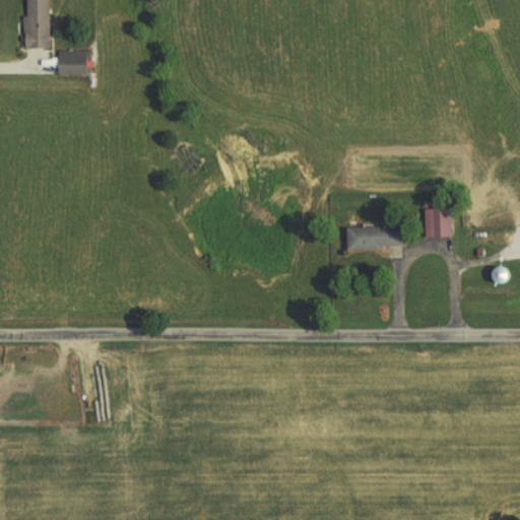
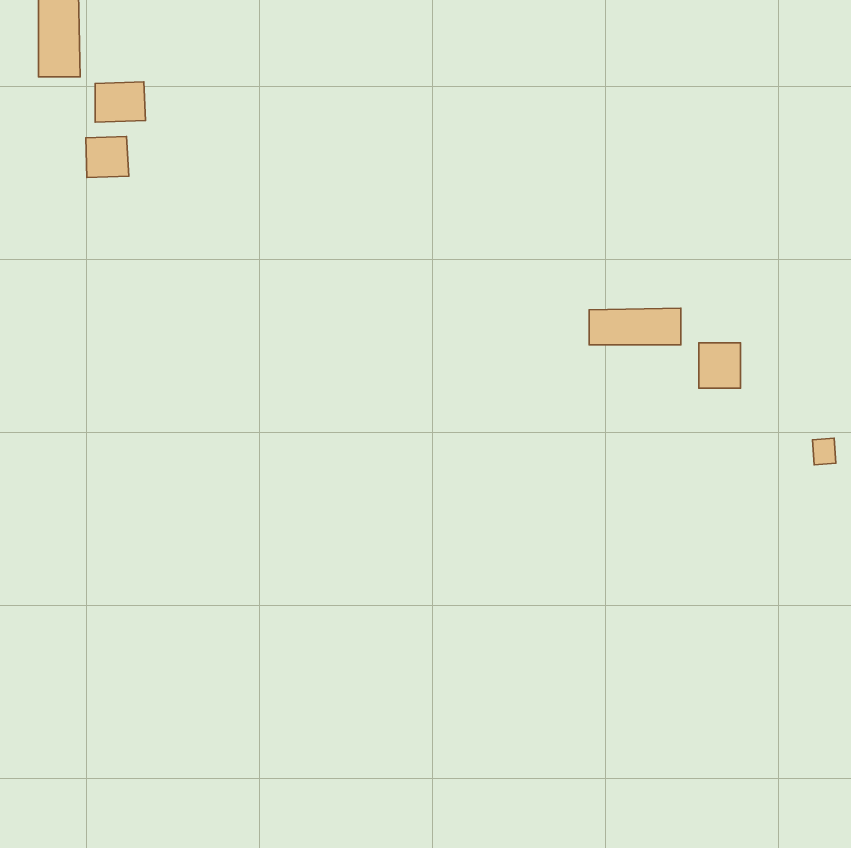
building: none -> [86,137,129,178]
building: [346,225,402,248] -> [589,308,681,345]

